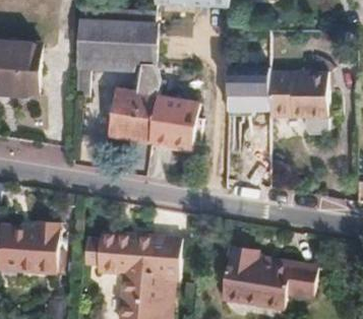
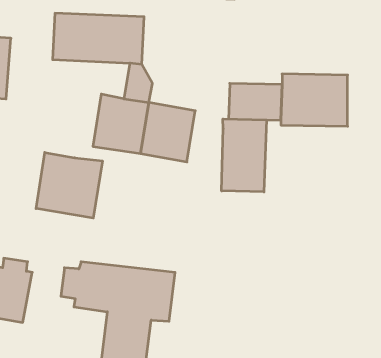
building: none -> [222,119,266,192]
building: none -> [36,152,102,218]
building: [221,244,318,306] -> none

